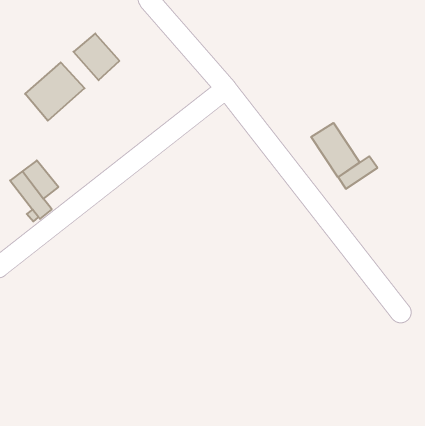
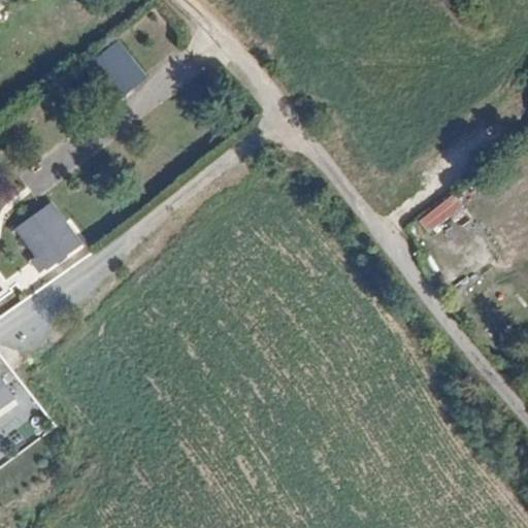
building: [25,62,85,121] -> none
building: [311,123,359,177] -> none

